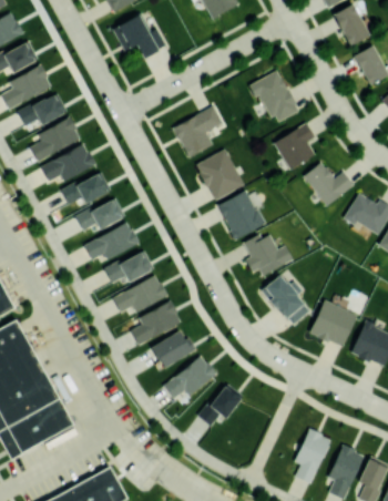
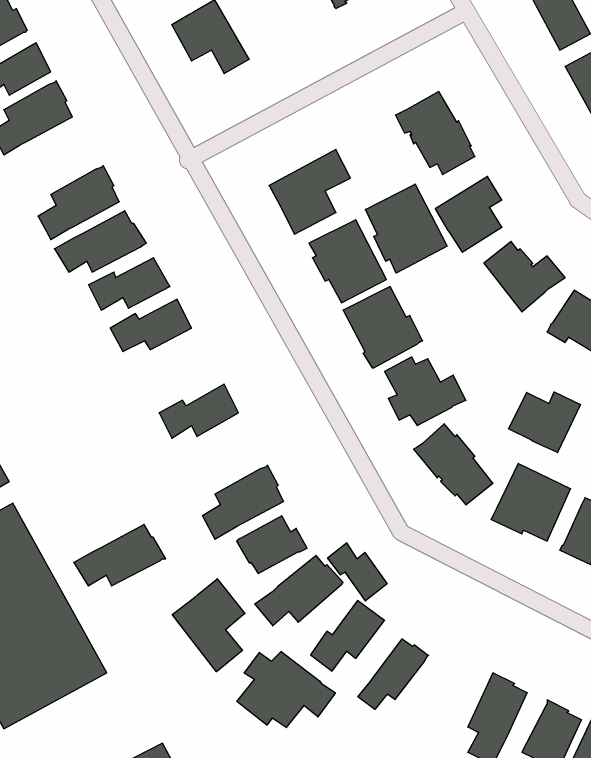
building: [18,93,67,126] -> none
building: none -> [365,184,447,273]
building: [83,223,140,260] -> none
building: none -> [509,392,580,453]
building: [112,275,169,313] -> [74,524,166,586]
building: none -> [328,543,387,601]
building: none -> [172,579,245,672]
building: none -> [358,639,429,709]
building: none -> [237,651,335,728]

